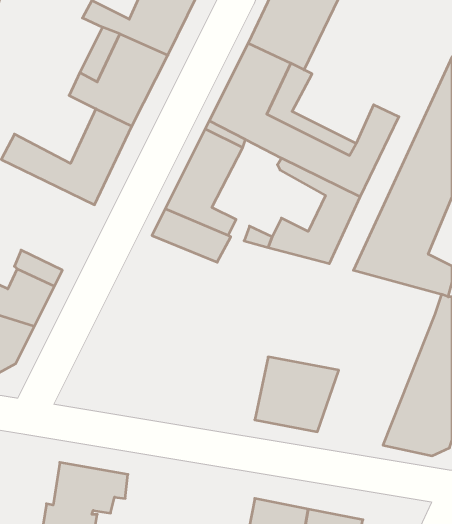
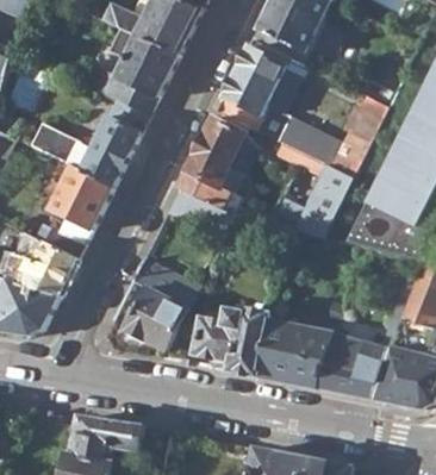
building: none -> [49,163,113,227]
building: none -> [124,257,199,350]
building: none -> [312,277,417,399]
building: none -> [197,308,268,376]

